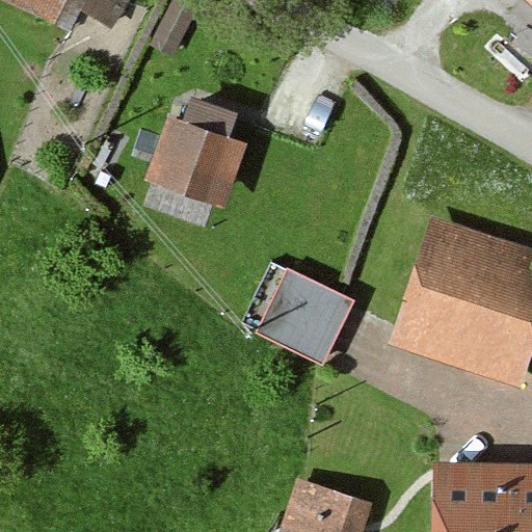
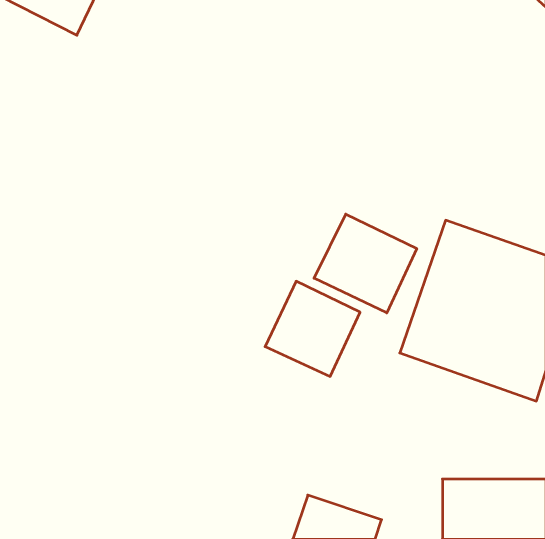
building: [147,101,246,209] -> none
building: none -> [314,214,417,313]

